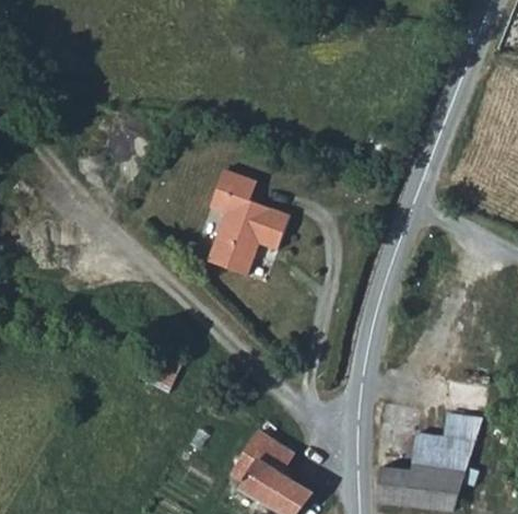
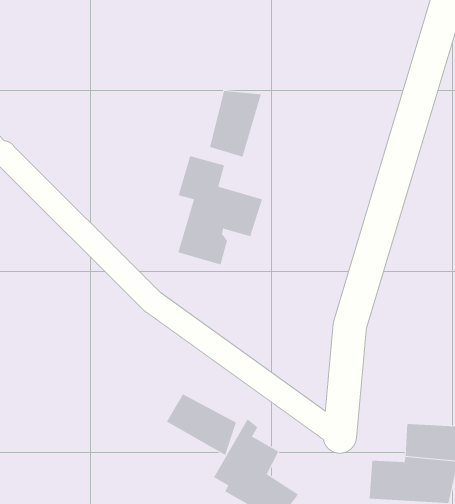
building: none -> [209,90,262,158]
building: none -> [166,393,236,456]

